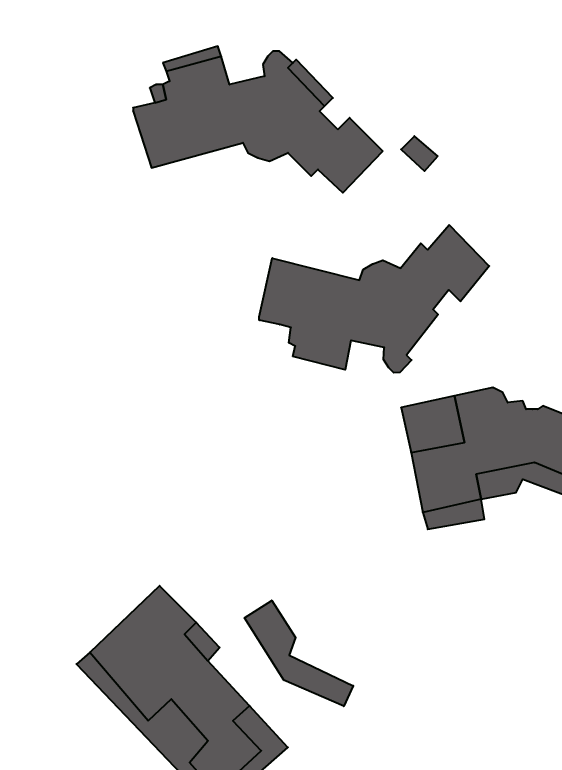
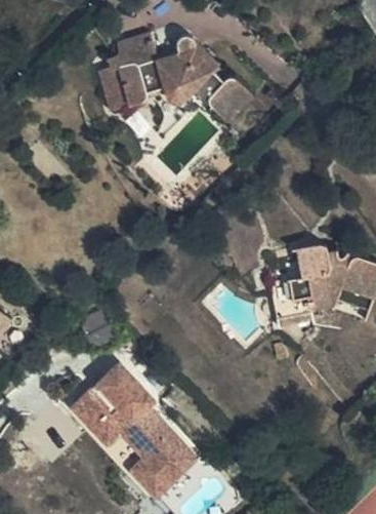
building: [259,225,489,373] -> none
building: [245,600,353,706] -> none

